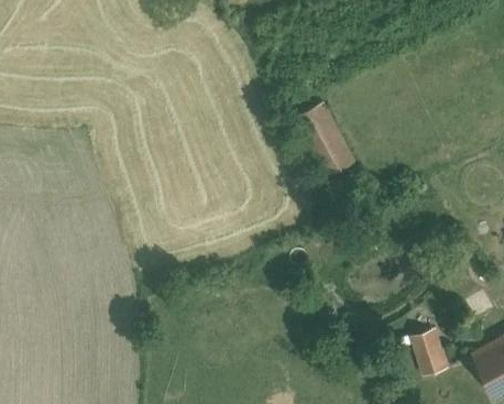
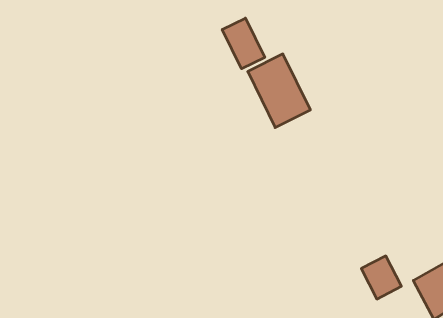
building: none -> [222,18,265,69]

